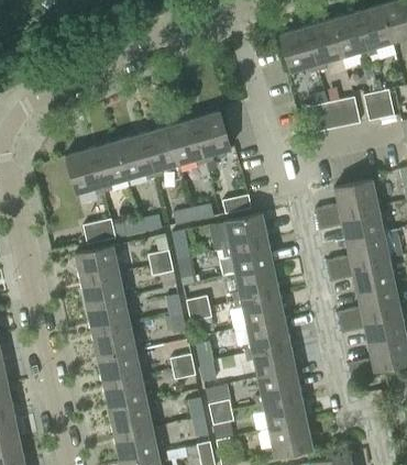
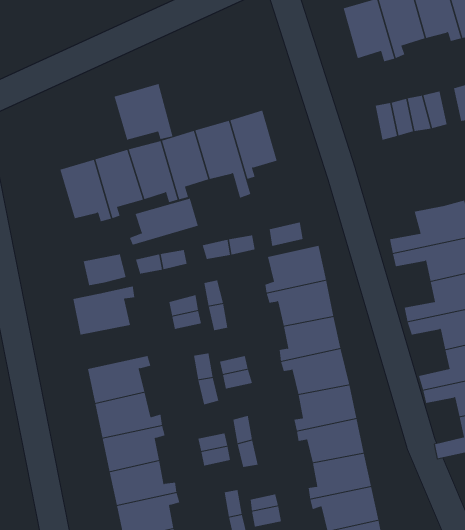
building: none -> [114,83,173,141]
building: none -> [129,198,198,246]
building: [80,274,132,307] -> none

